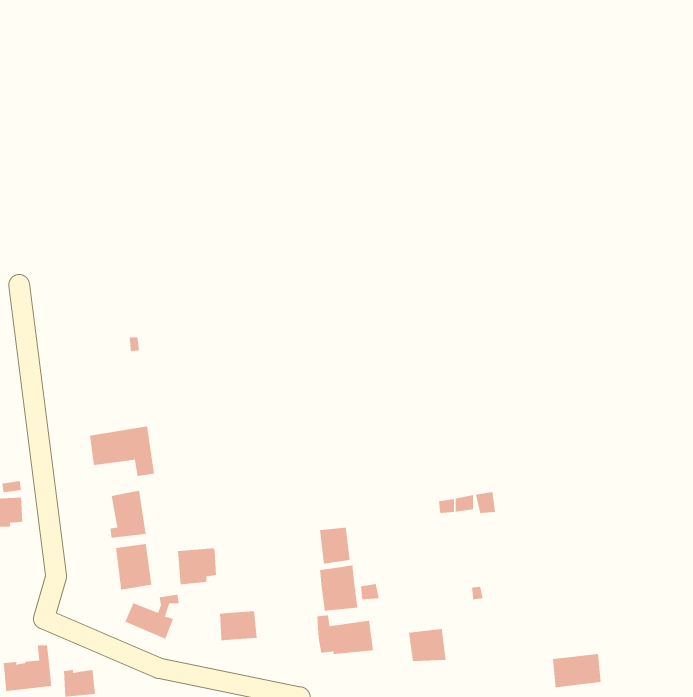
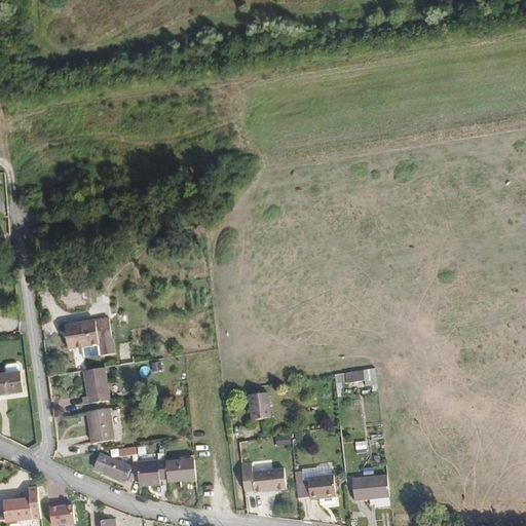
building: [177,548,217,585] -> [136,458,165,486]
building: [319,565,358,611] -> none
building: [552,653,601,688] -> [348,474,385,499]

